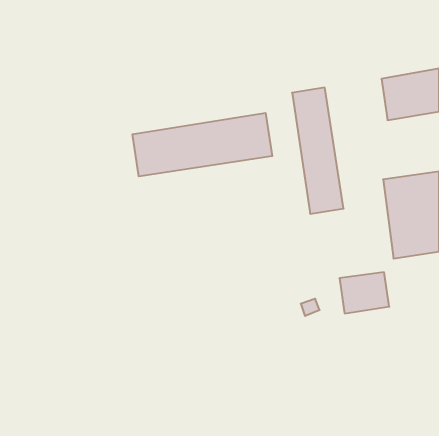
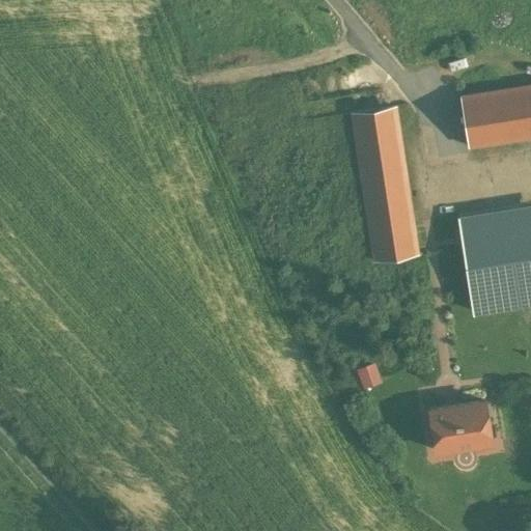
building: [132,113,272,176] -> none
building: [339,272,389,313] -> [428,401,488,451]

